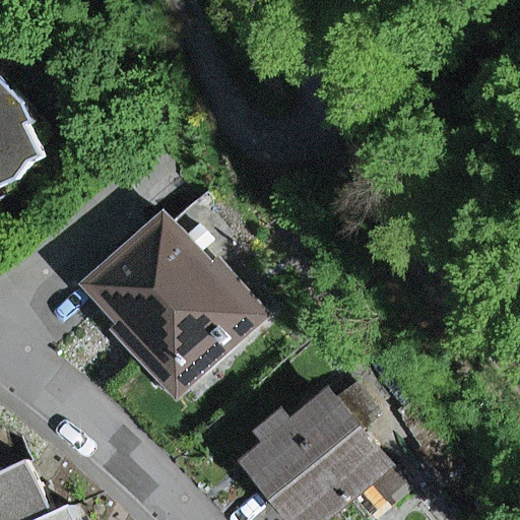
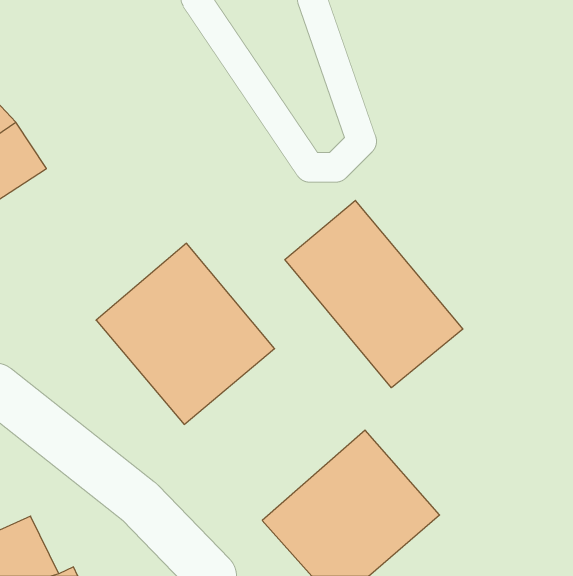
building: none -> [285,200,463,388]

